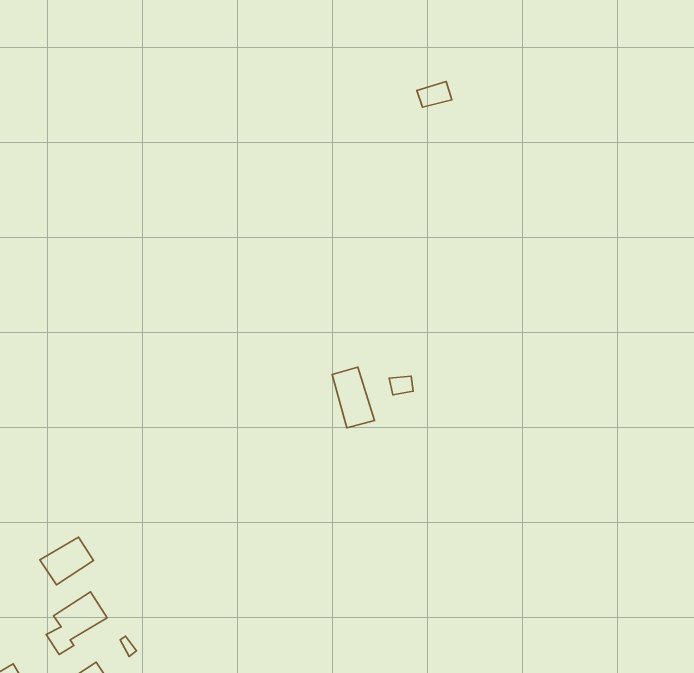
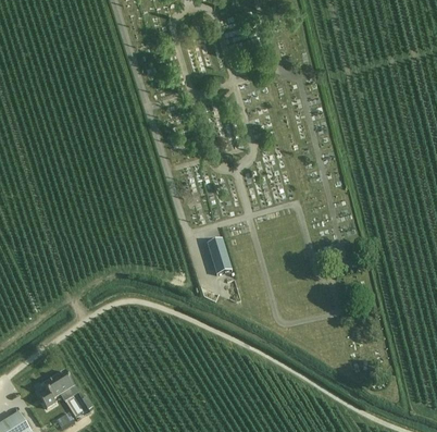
building: [40,537,93,585] -> none

